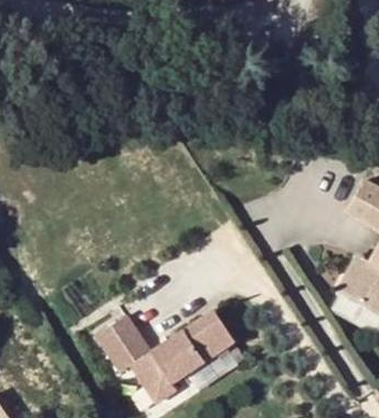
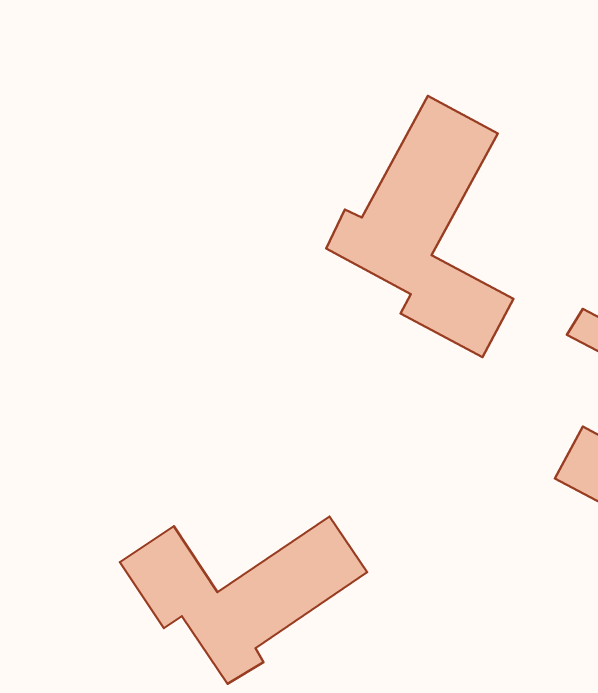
building: none -> [326,96,514,357]

